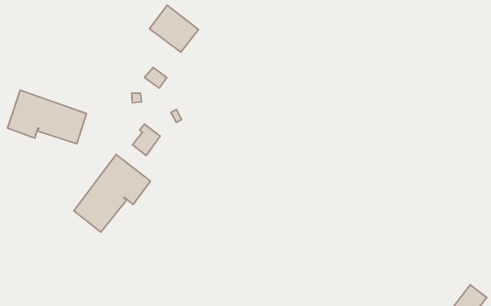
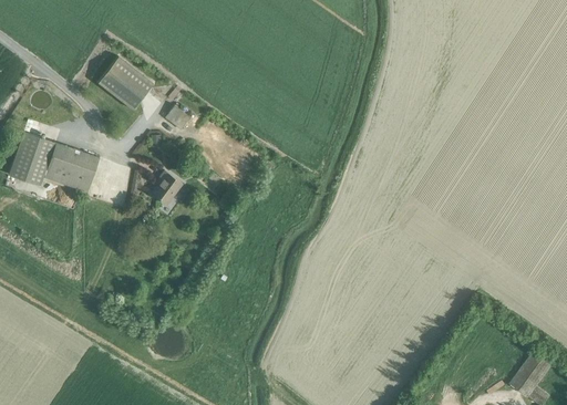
building: [150,5,199,52] -> [97,55,153,108]
building: [74,154,151,232] -> none

